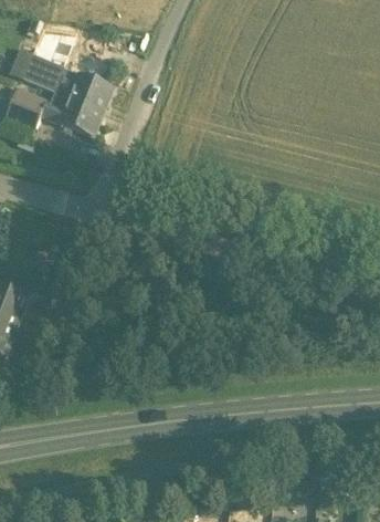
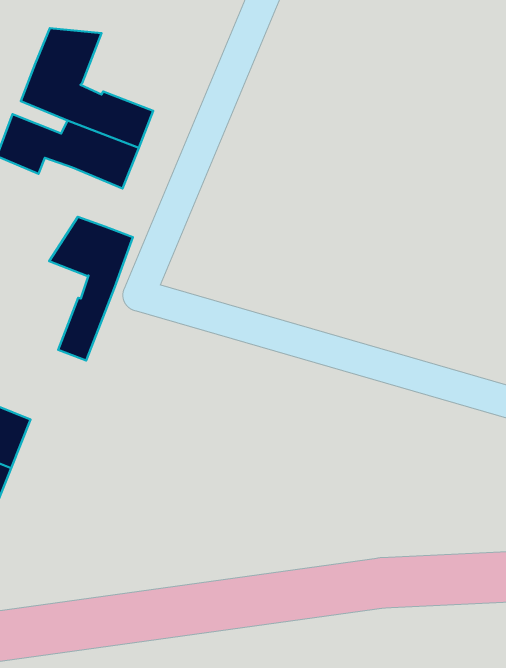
building: none -> [49,217,133,361]

